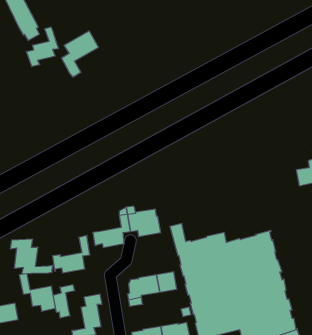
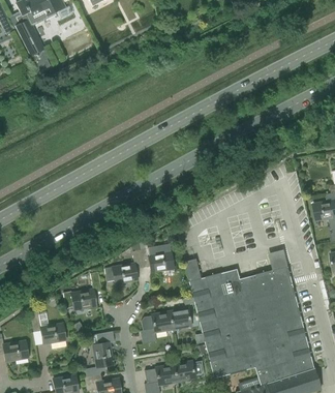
building: [26,27,59,67] -> none
building: [62,31,98,77] -> none
building: [10,239,52,274] -> none
building: [53,285,75,318] -> none

